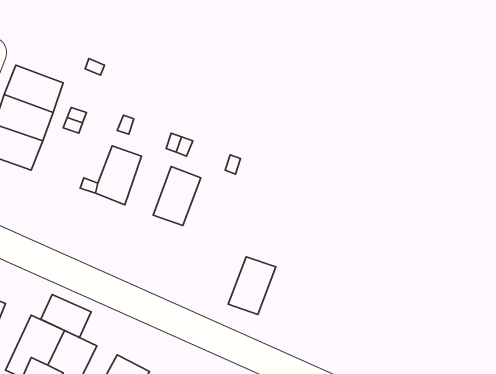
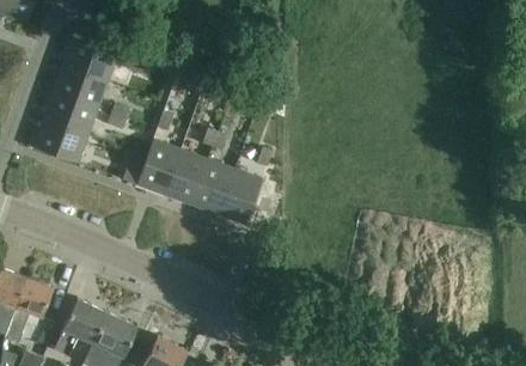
building: none -> [63,37,118,81]
building: none -> [165,150,208,205]
building: [228,257,276,314] -> [219,170,263,224]
building: [41,295,91,337] -> none

